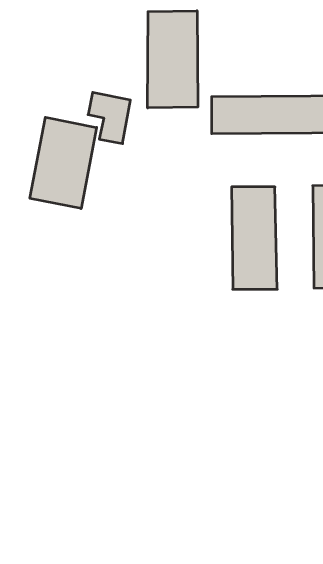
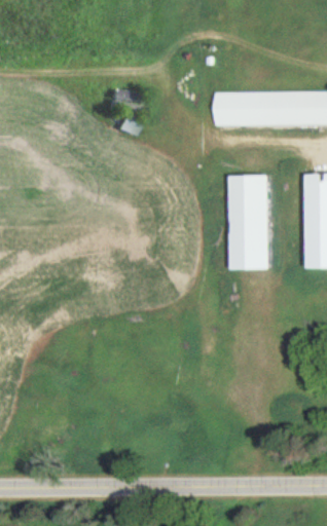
building: [148,11,198,108] -> none
building: [30,117,97,209] -> none

